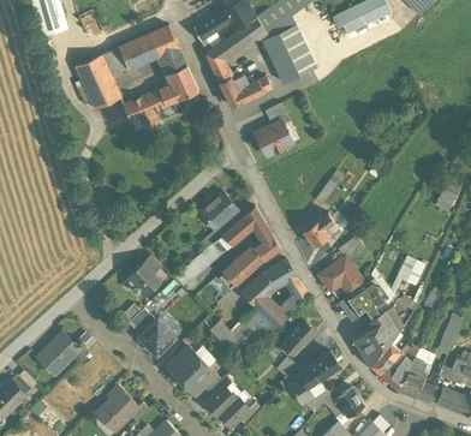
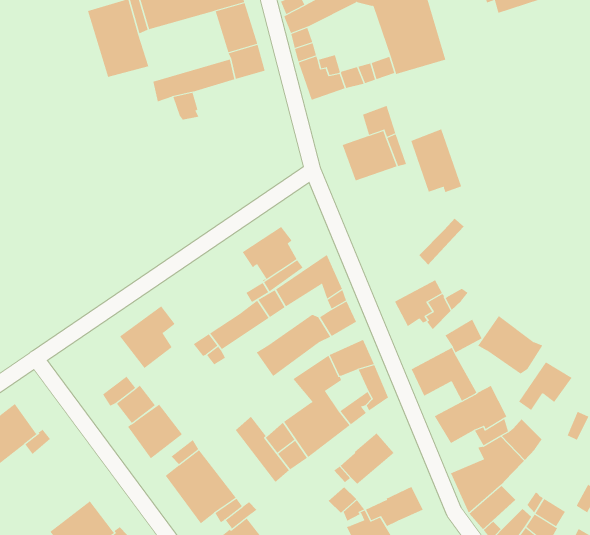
building: none -> [410,128,462,193]
building: none -> [478,315,543,375]

